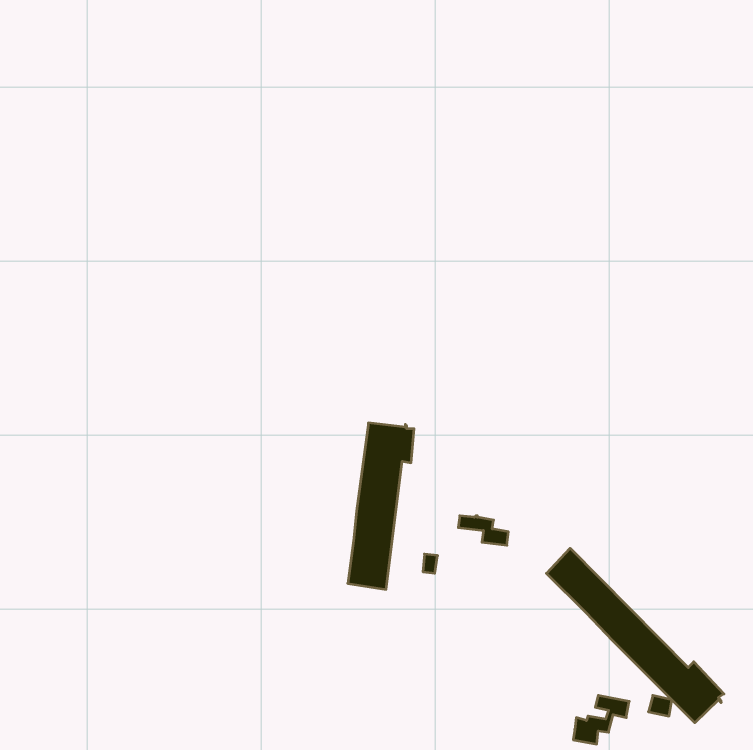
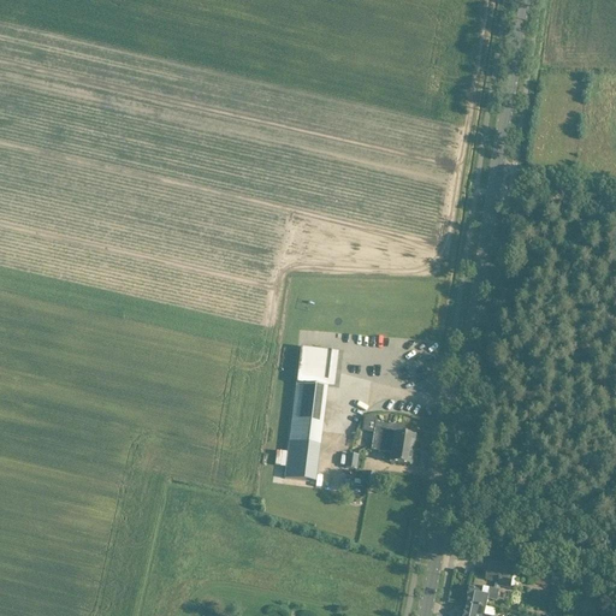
building: none -> [372,431,414,463]
building: [546,548,724,723] -> none

